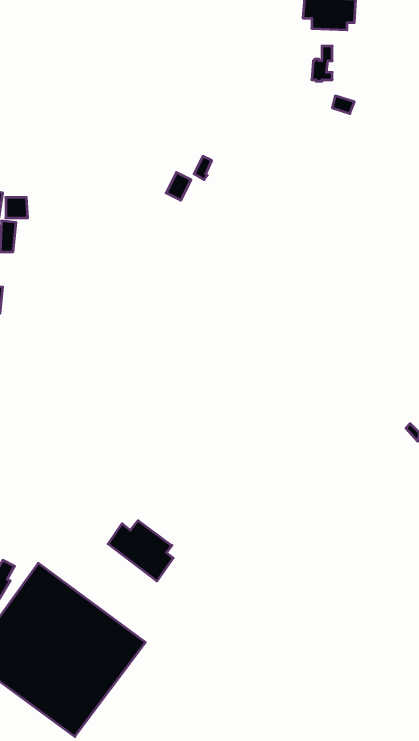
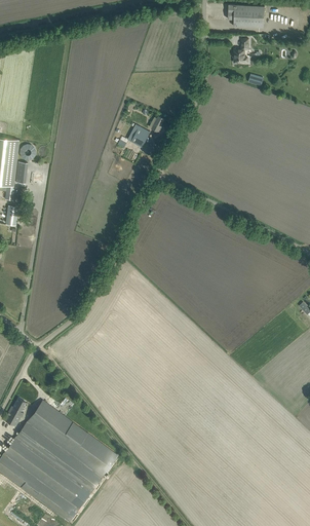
building: [108,521,173,581] -> none

